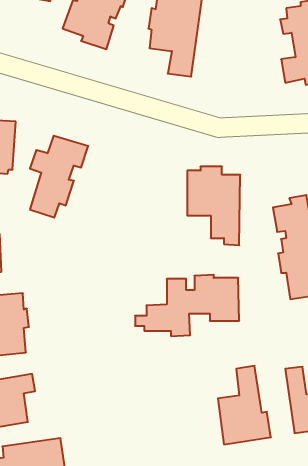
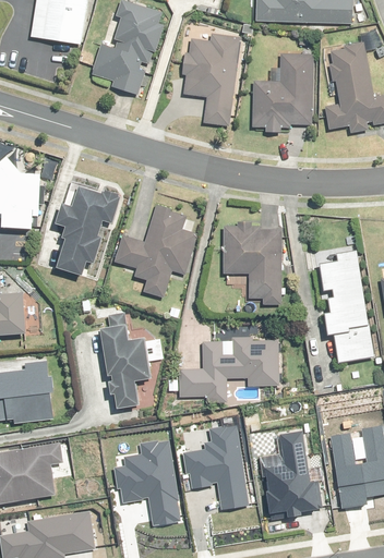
building: none -> [254,54,313,133]
building: none -> [116,207,197,298]
building: none -> [98,325,159,408]
building: none -> [182,426,245,508]
building: none -> [115,441,178,524]

